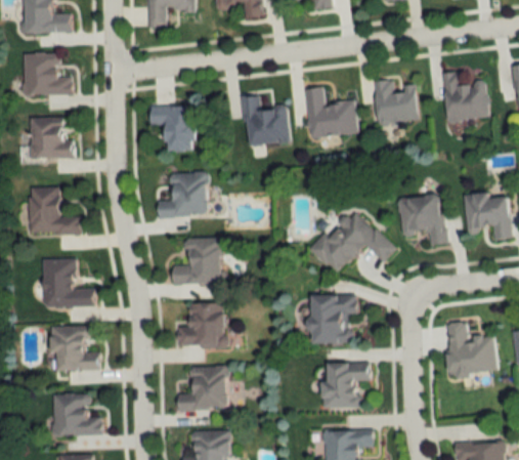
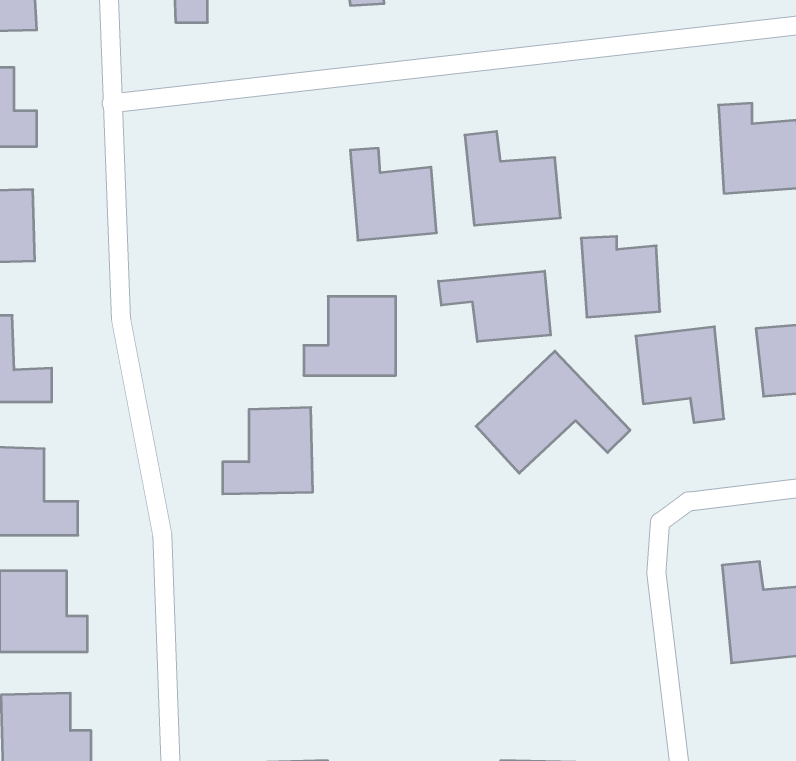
building: [375,80,418,124] -> [581,236,660,317]
building: [149,106,193,151] -> none
building: none -> [438,271,551,342]
building: [158,173,208,216] -> [304,296,396,375]
building: [309,294,357,343] -> none
building: [178,303,226,347] -> none
building: [320,363,370,408] -> none
building: [177,366,228,411] -> none

